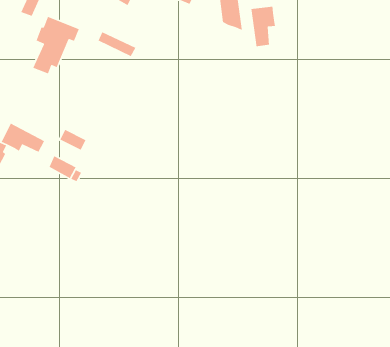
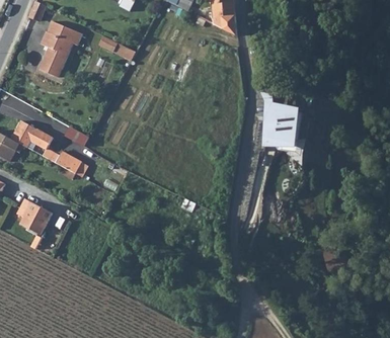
building: [250,6,276,47] -> none
building: none -> [269,107,298,144]
building: none -> [14,198,51,248]

